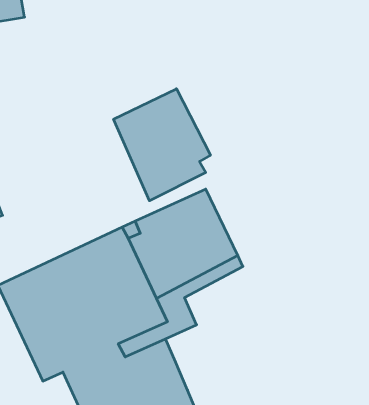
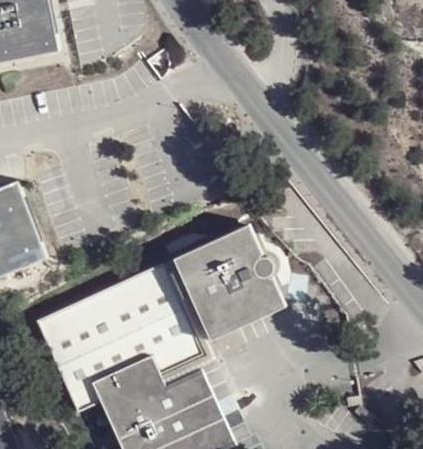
building: [114,89,210,201] -> none

